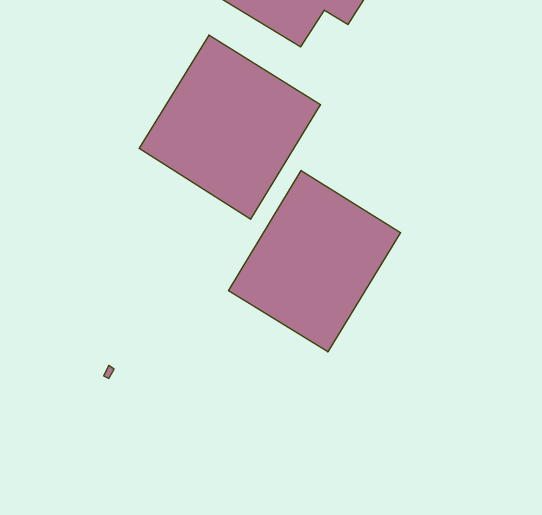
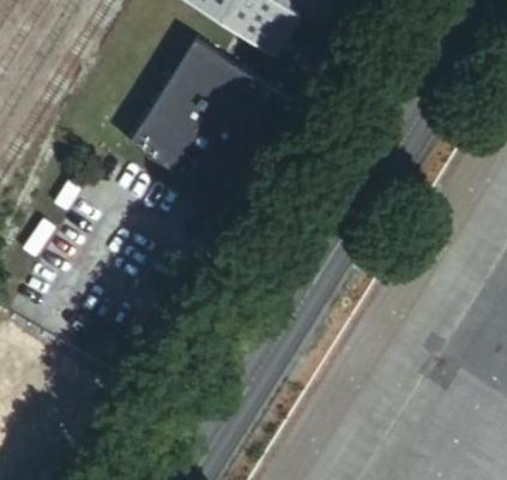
building: [229,170,401,352] -> none

